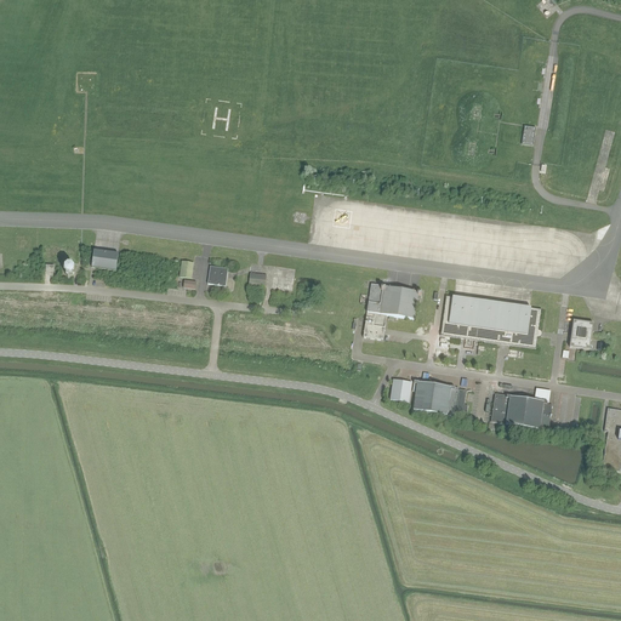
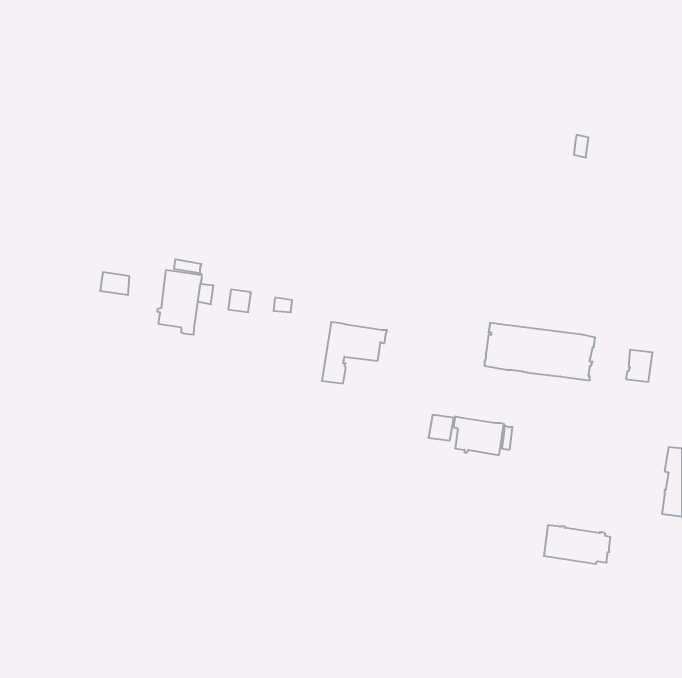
building: none -> [157,259,202,335]
building: [363,281,422,337] -> [322,322,387,383]
building: [491,392,552,427] -> [544,525,611,564]

